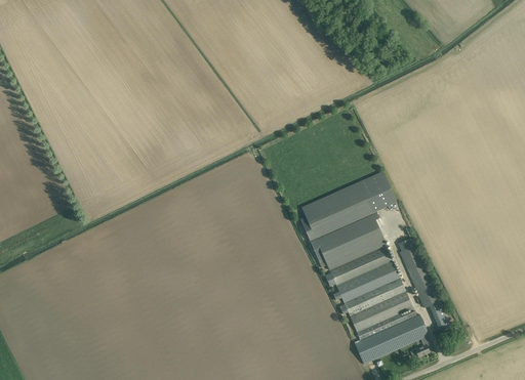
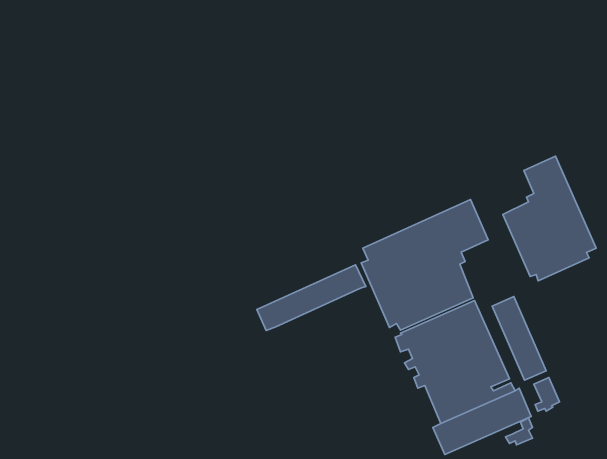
building: none -> [503,156,596,281]
building: none -> [257,265,366,331]

